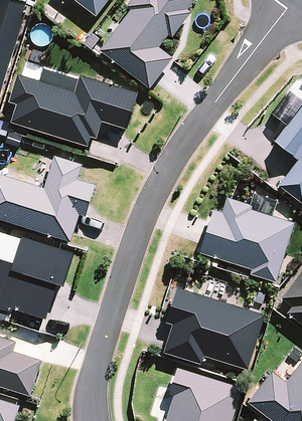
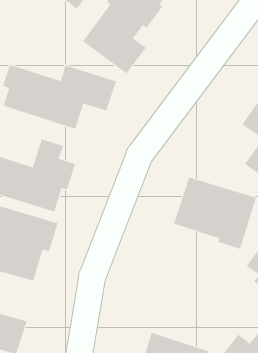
building: [163,288,264,371] -> none

